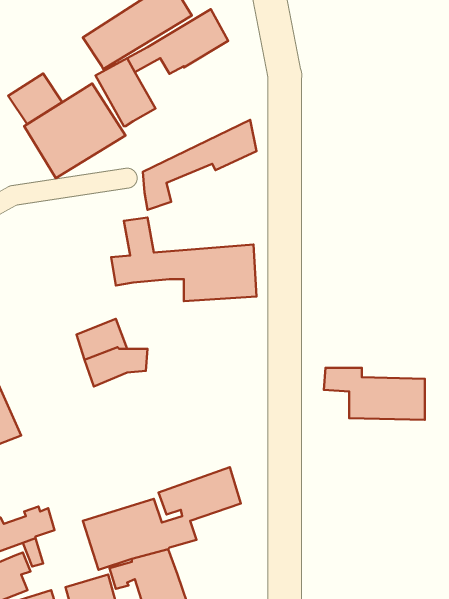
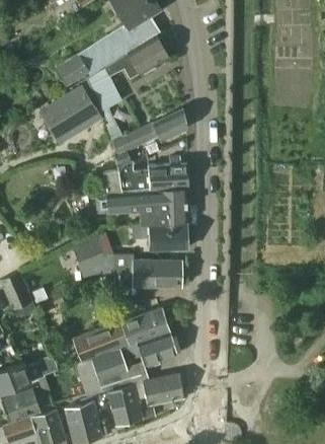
building: [8,74,62,124] -> [54,56,88,88]
building: none -> [117,158,188,191]
building: none -> [133,225,188,251]
building: [324,368,425,420] -> [116,255,181,289]
building: none -> [73,308,170,362]
building: none -> [131,374,183,405]

